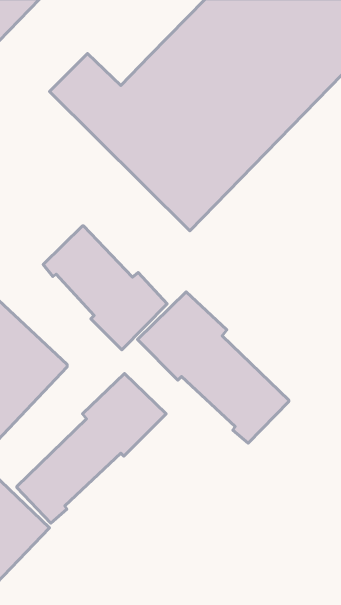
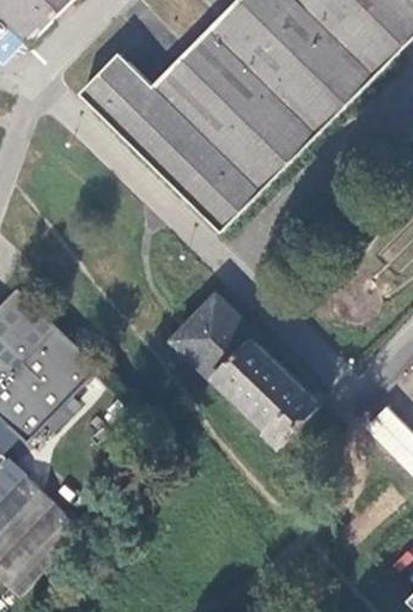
building: [43,226,167,350] -> none
building: [17,374,166,523] -> none

